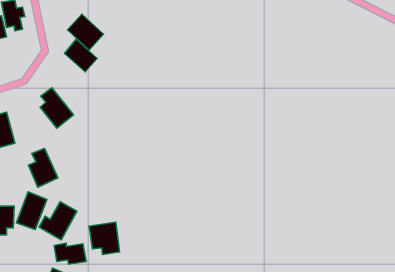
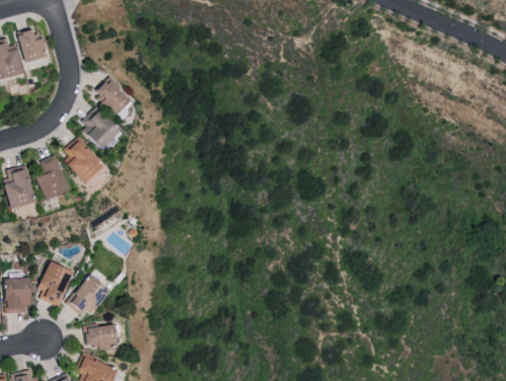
building: [68,14,104,50] -> [79,105,123,149]
building: [29,148,58,187] -> [33,154,69,201]
building: [89,222,120,254] -> none

